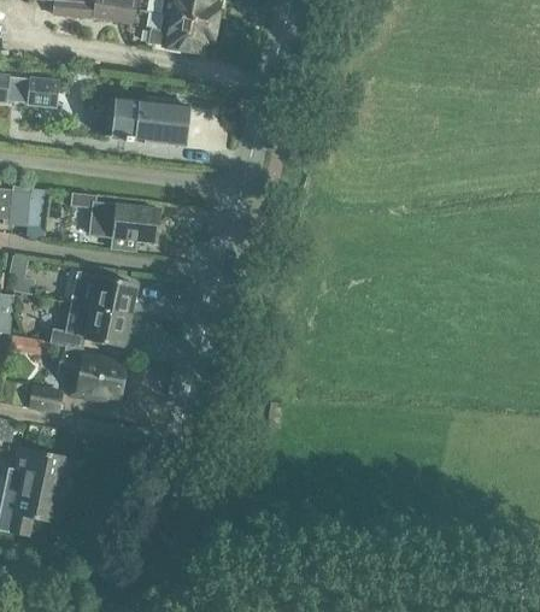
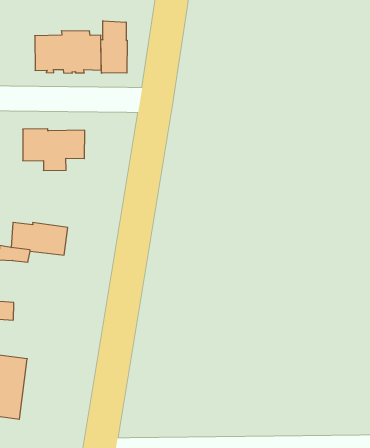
building: none -> [101,21,127,73]
building: [69,271,136,316] -> none
building: [58,352,124,398] -> none

